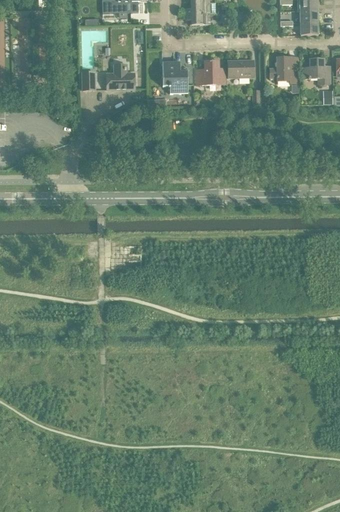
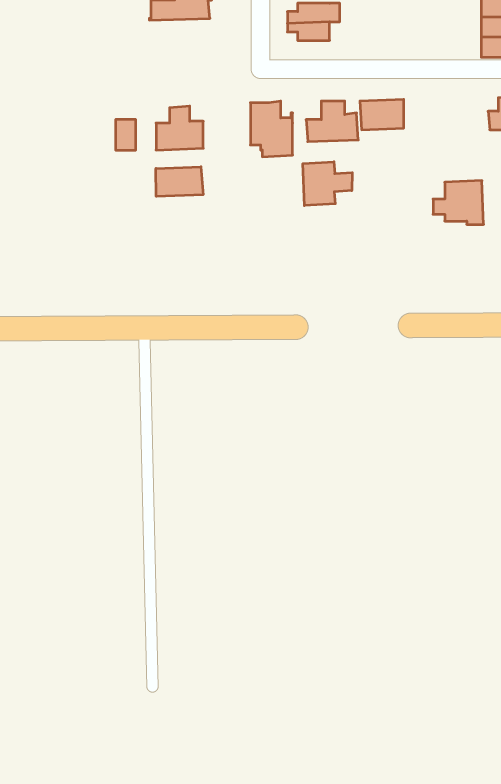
building: [269,56,299,82] -> [433,181,484,224]
building: none -> [303,162,352,206]
building: none -> [156,167,203,196]

